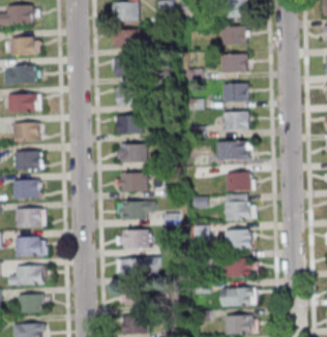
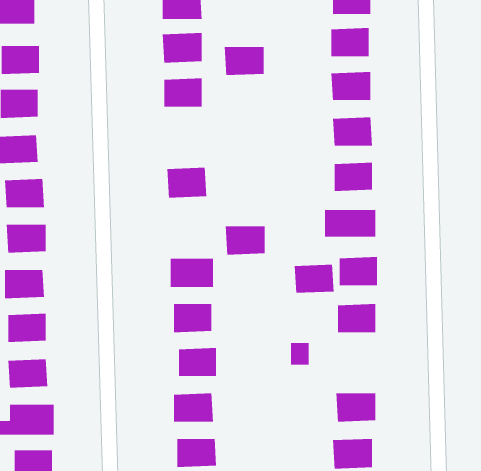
building: [117,87,143,105] -> [224,46,265,76]
building: [121,144,147,162] -> [225,226,265,255]
building: [226,229,251,248] -> [294,264,334,293]

